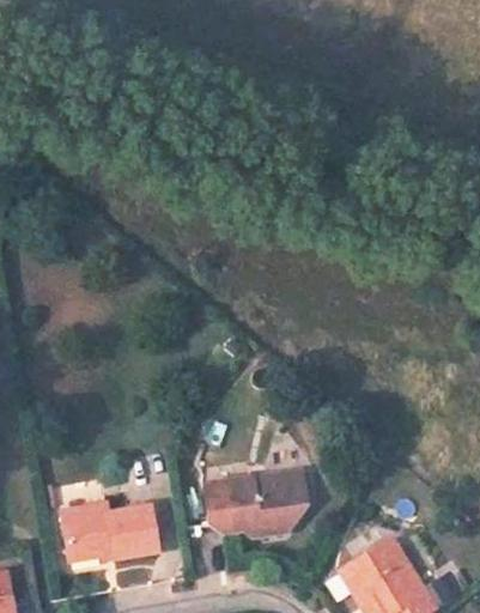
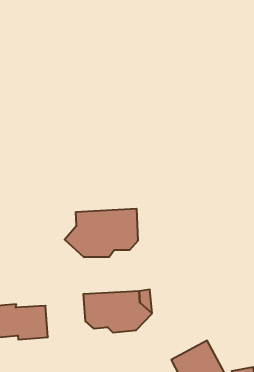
building: none -> [65,209,138,257]

